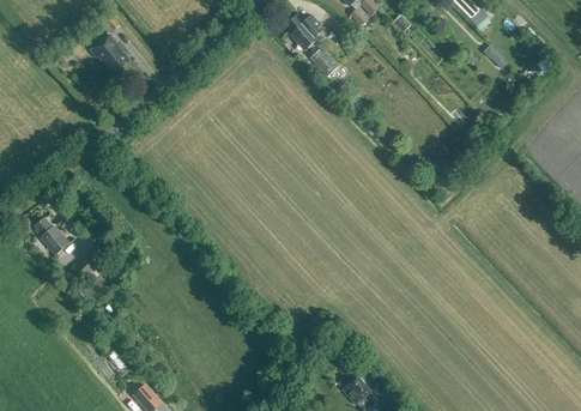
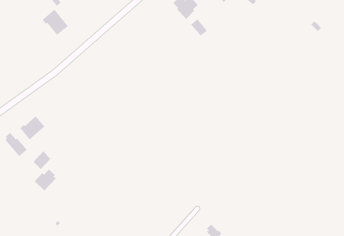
building: none -> [19,116,46,141]
building: none -> [34,169,56,191]

